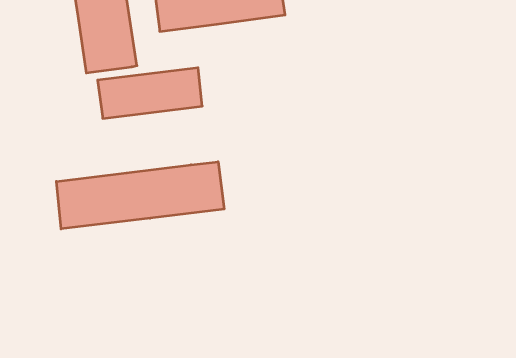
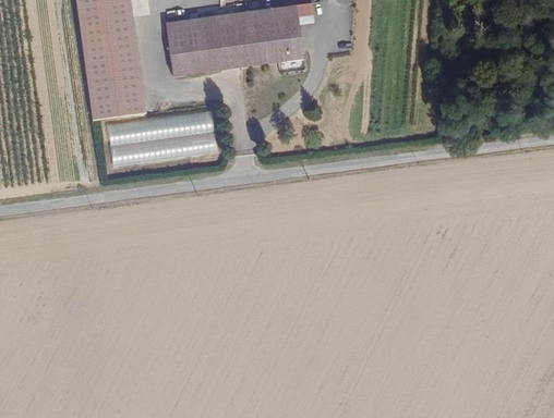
building: [56,162,224,229] -> none

